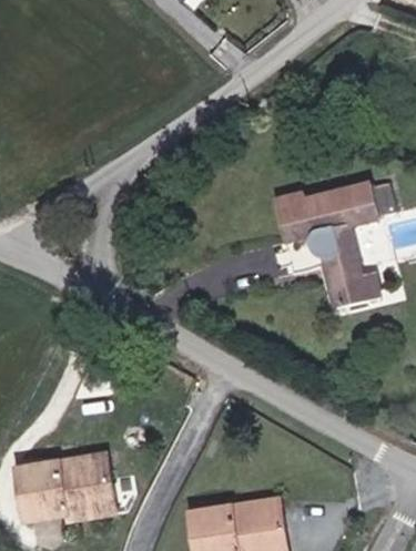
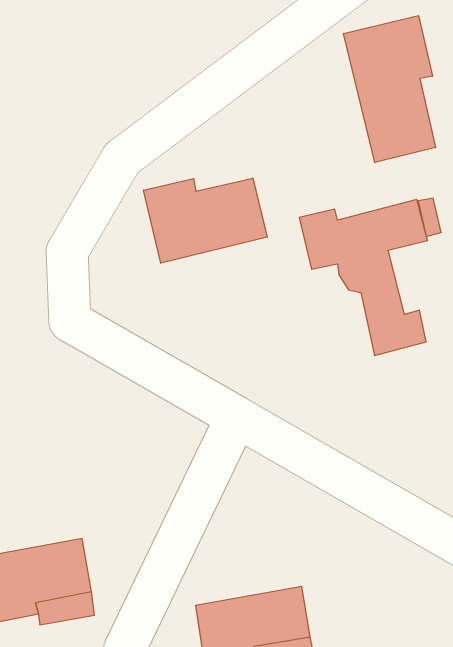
building: none -> [344,16,436,163]
building: none -> [143,178,267,263]

